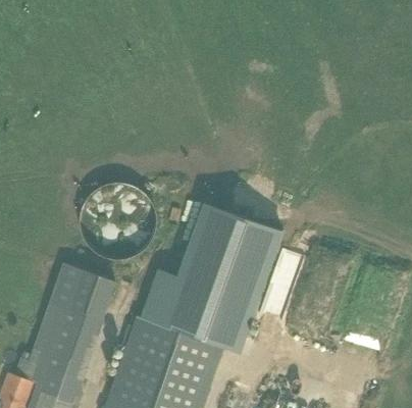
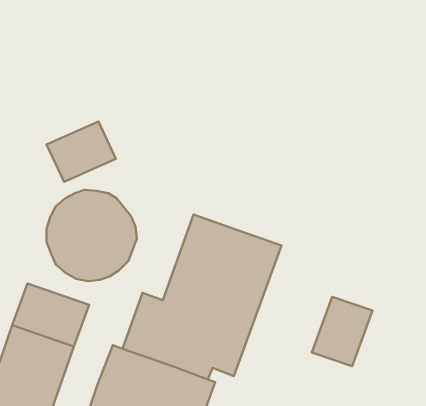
building: none -> [47,122,116,182]
building: none -> [312,297,372,366]

